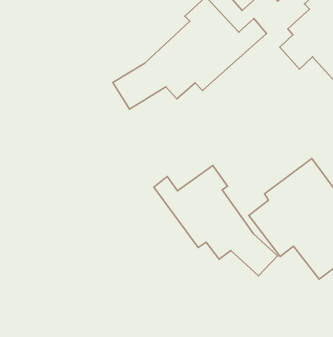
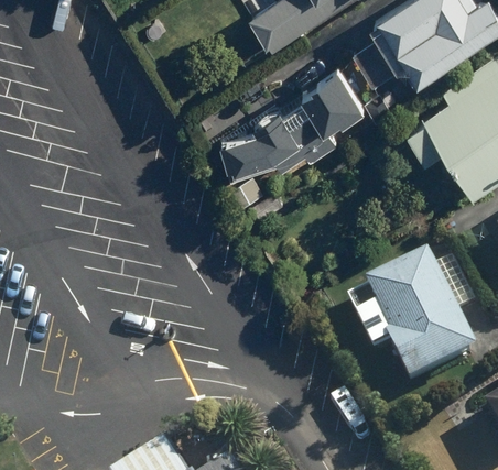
building: [154,166,278,276] -> none

